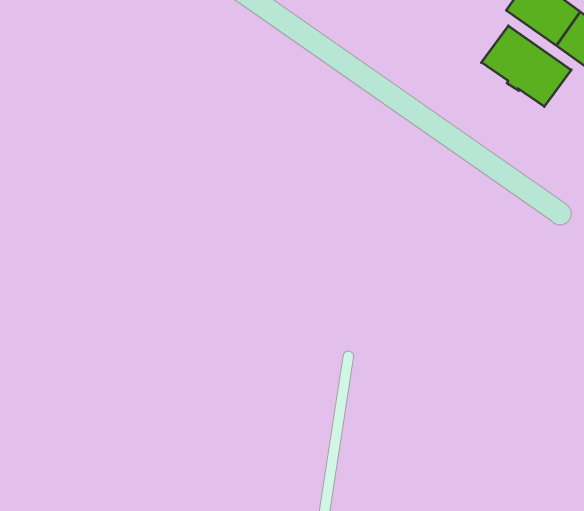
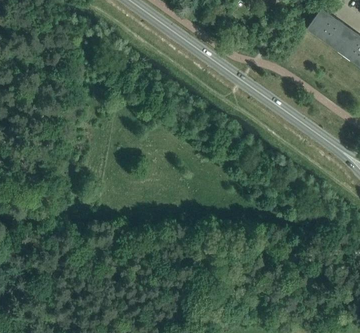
building: [481,26,571,107] -> none

